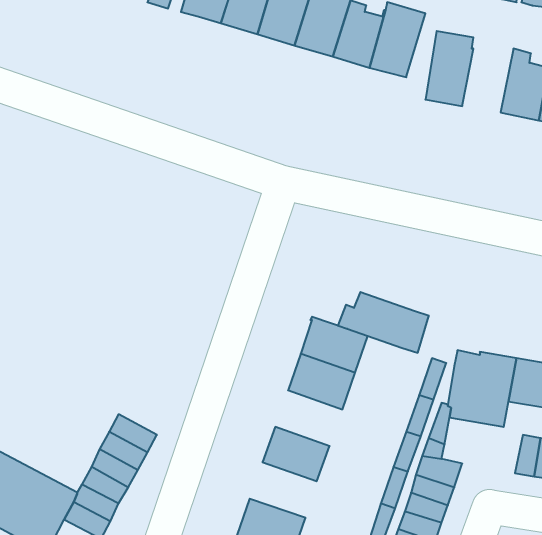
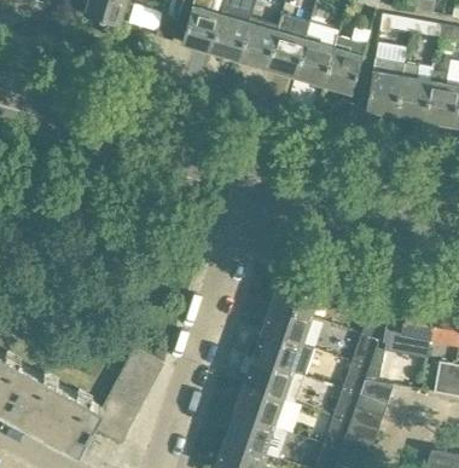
building: none -> [394,64,432,121]
building: [338,292,429,353] -> [245,331,314,377]
building: none -> [233,386,284,428]

